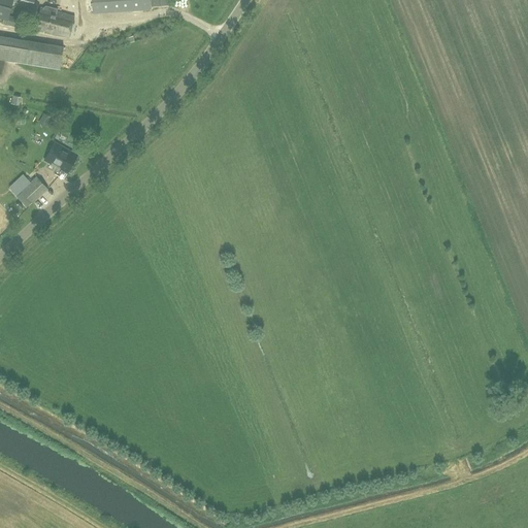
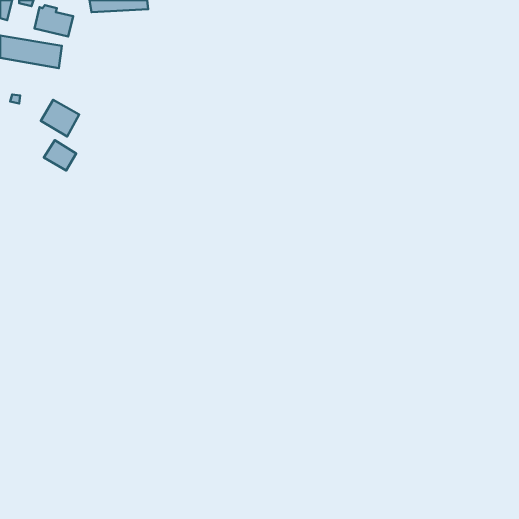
building: none -> [41,100,79,136]
building: [18,176,48,203] -> none

